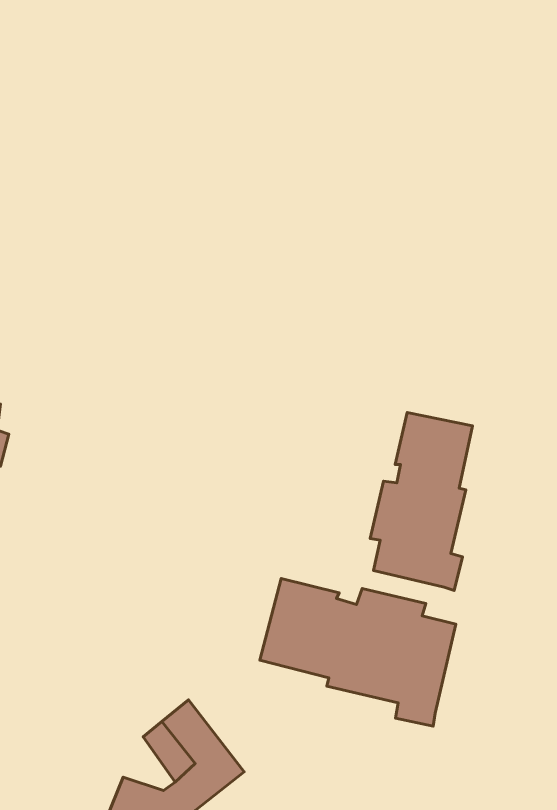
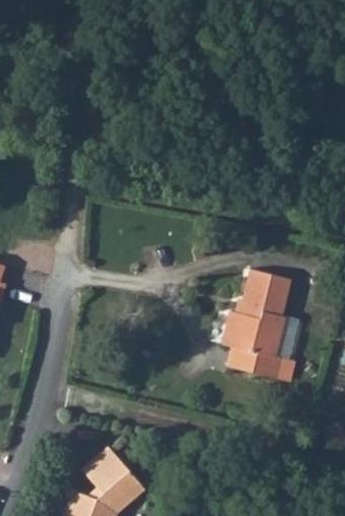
building: [260,579,456,726] -> none

